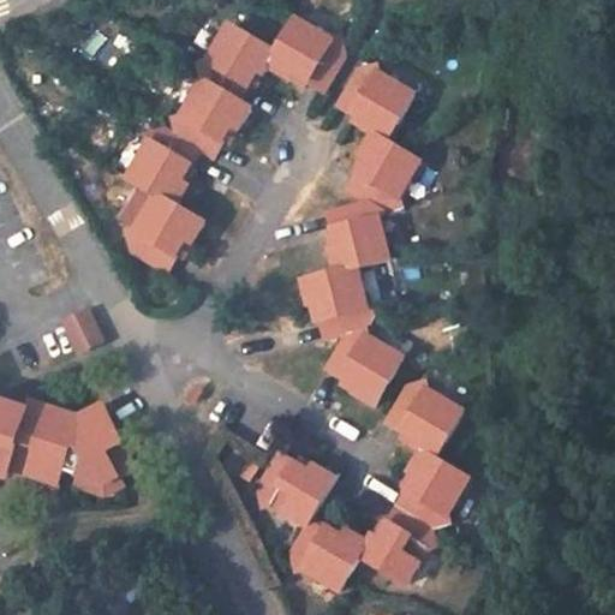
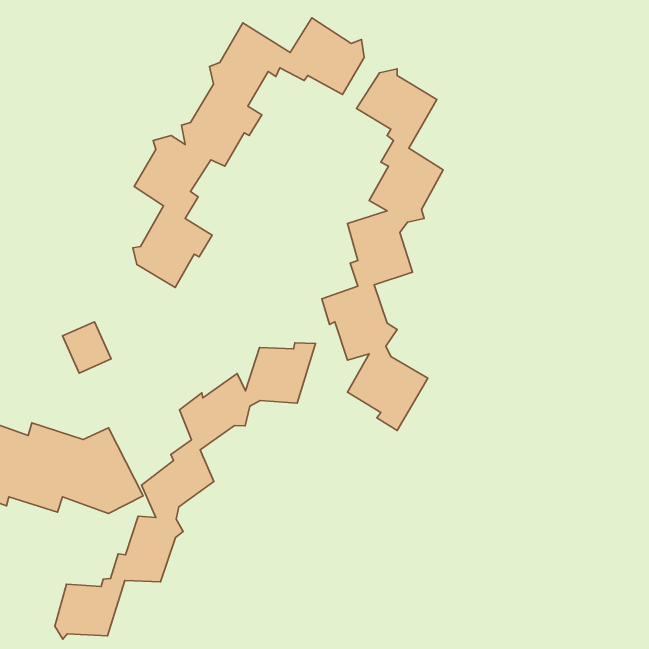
building: none -> [55,343,316,639]
building: [257,384,467,590] -> none

